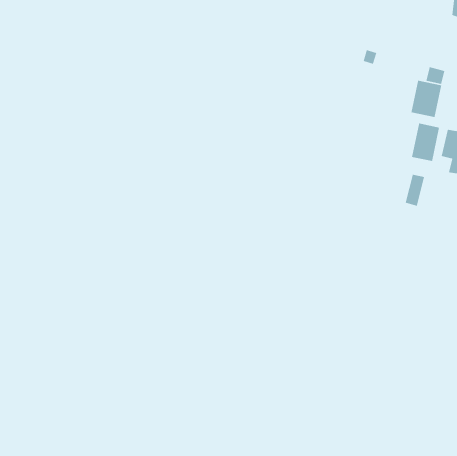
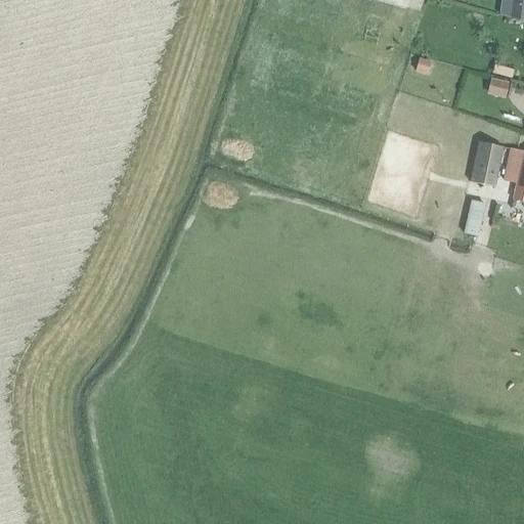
building: [411,80,442,118] -> none

